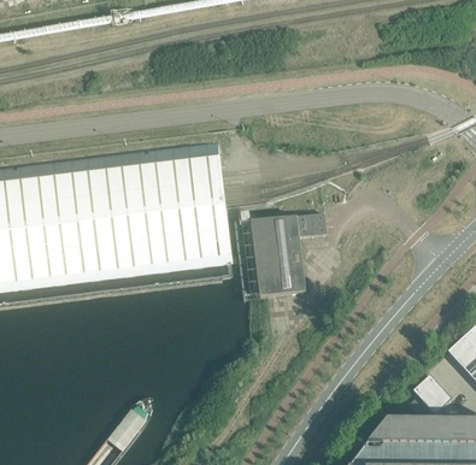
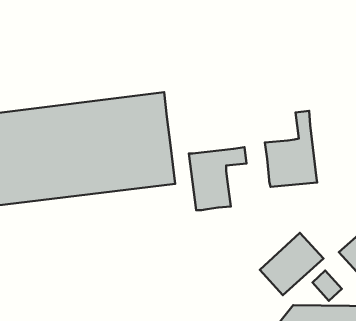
building: none -> [265,111,317,187]
building: none -> [260,233,323,295]

